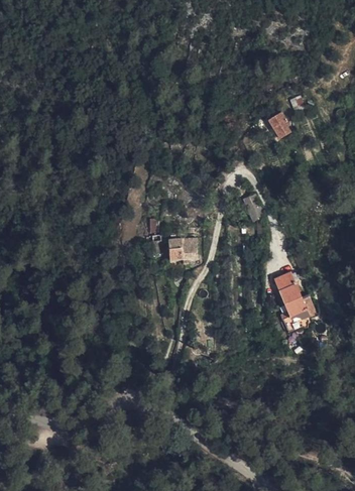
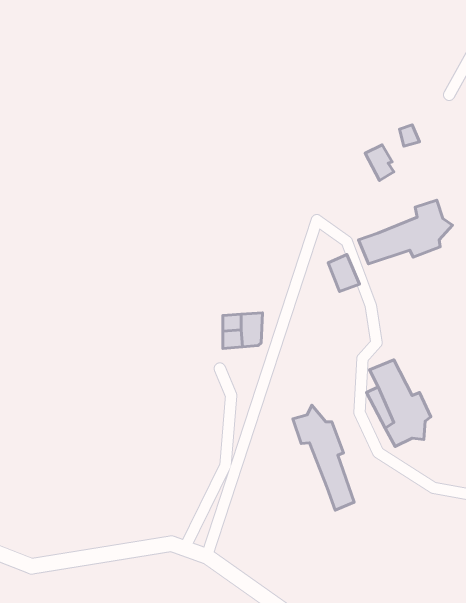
building: none -> [358,200,453,264]
building: none -> [293,405,354,510]

